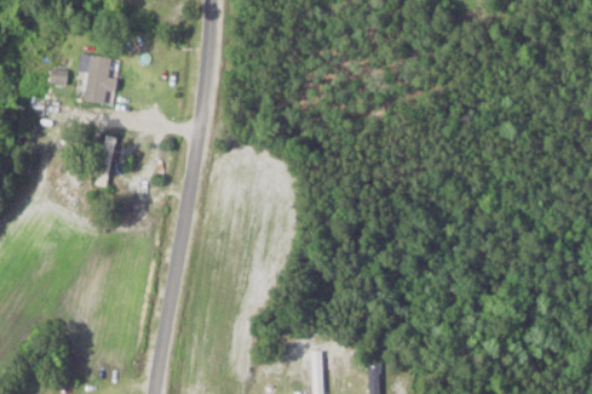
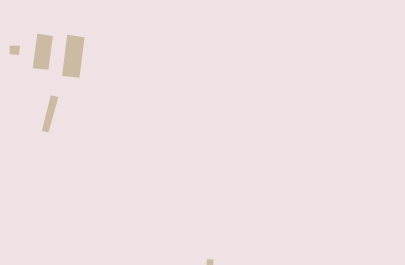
building: none -> [61,34,85,78]

